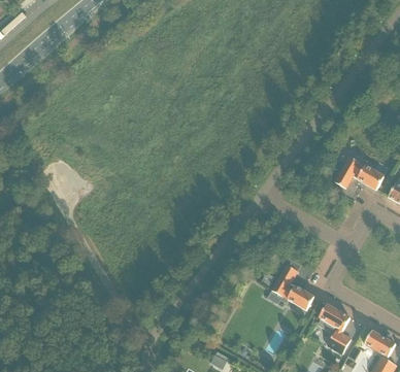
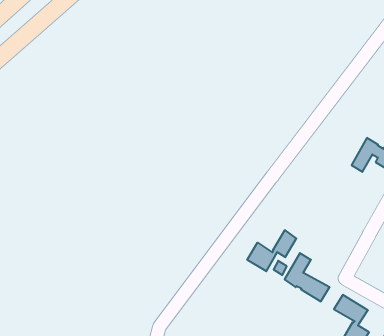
building: none -> [247,230,296,271]

